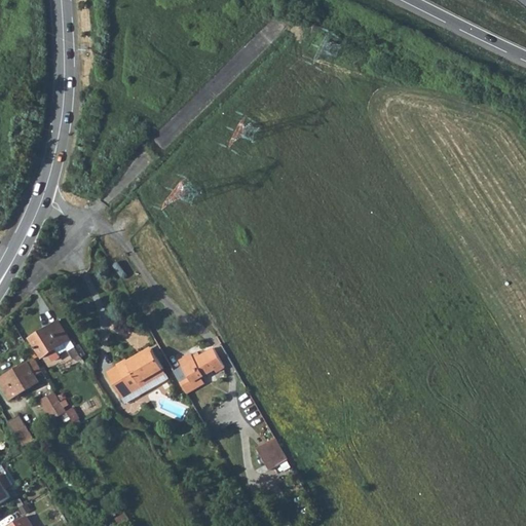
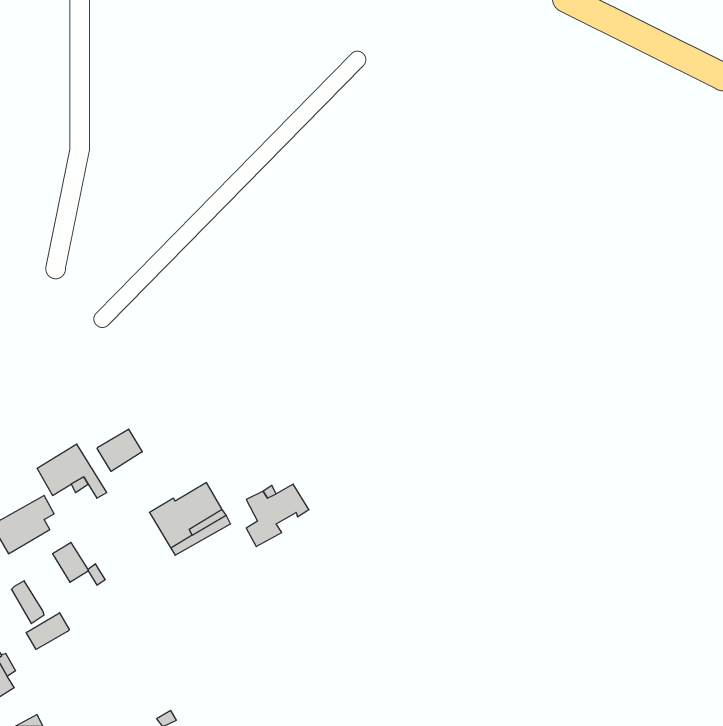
building: none -> [97,429,142,471]
building: [254,438,285,469] -> none
building: none -> [26,613,69,649]

